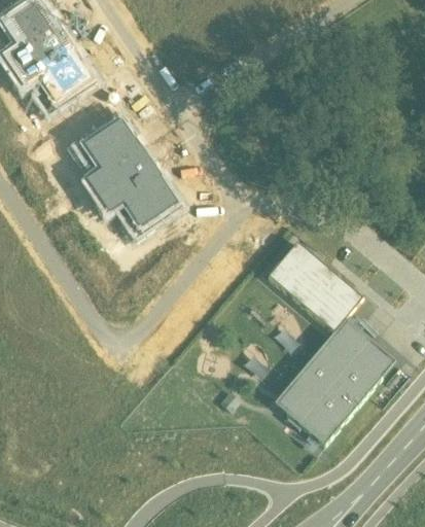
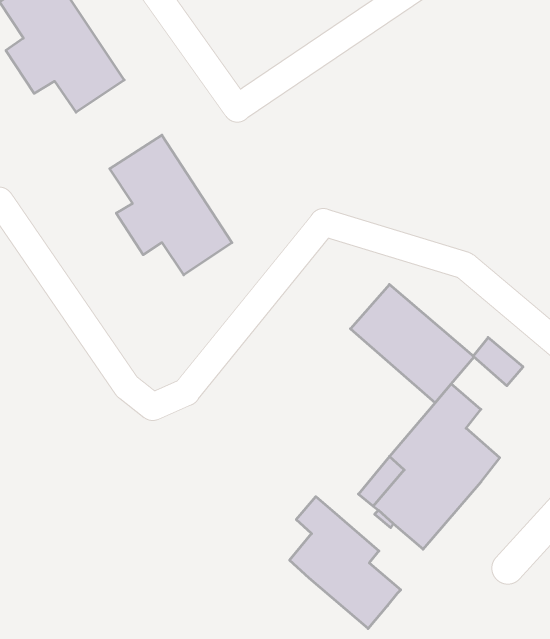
building: [357,335,395,372] -> [473,337,523,386]
building: none -> [290,497,401,629]

